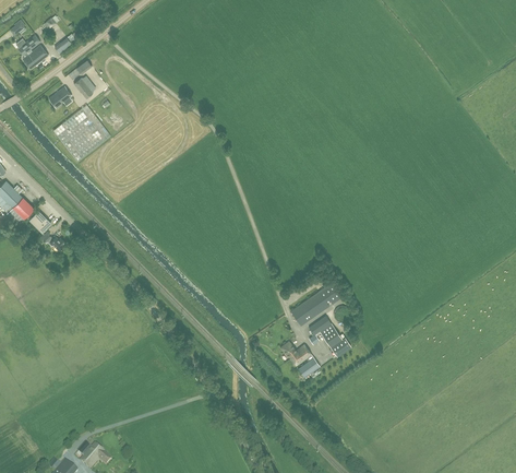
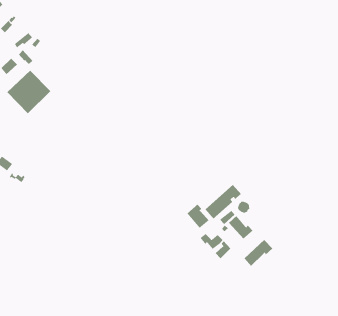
building: none -> [187,203,210,229]
building: none -> [243,239,273,267]

